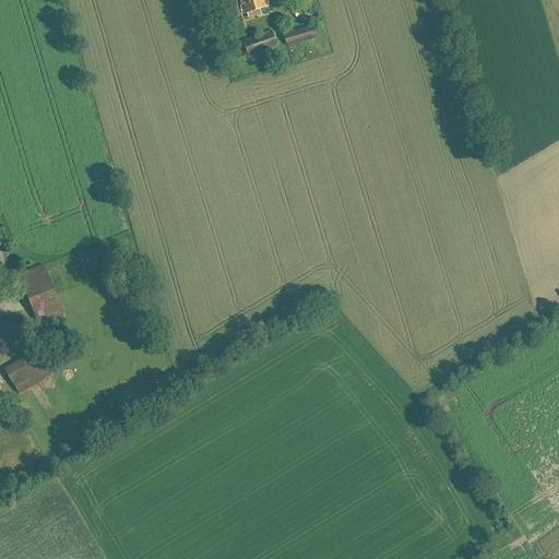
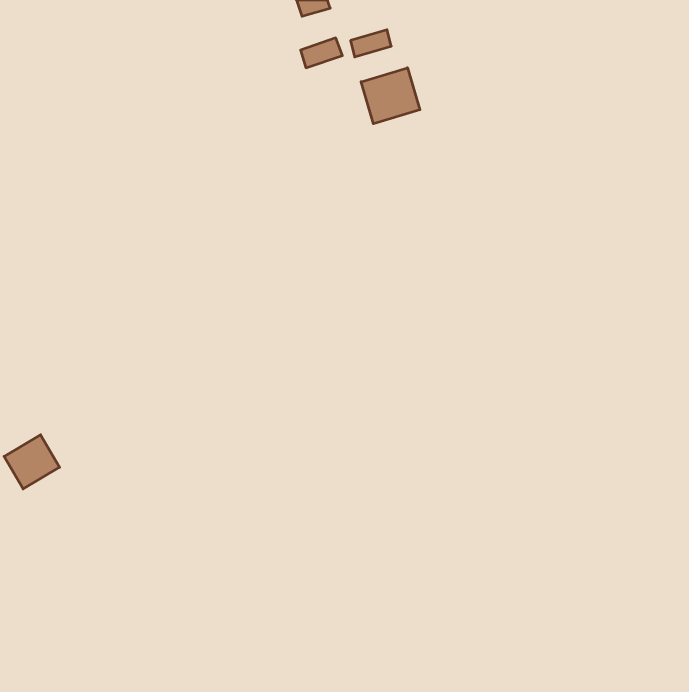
building: none -> [361,68,420,124]
building: [20,265,63,313] -> none

